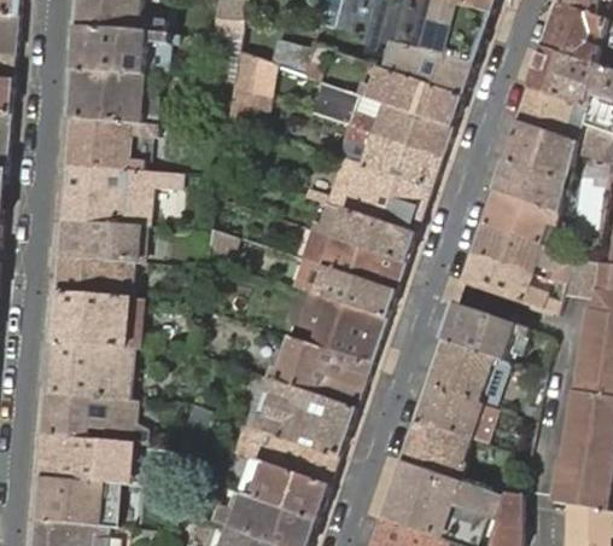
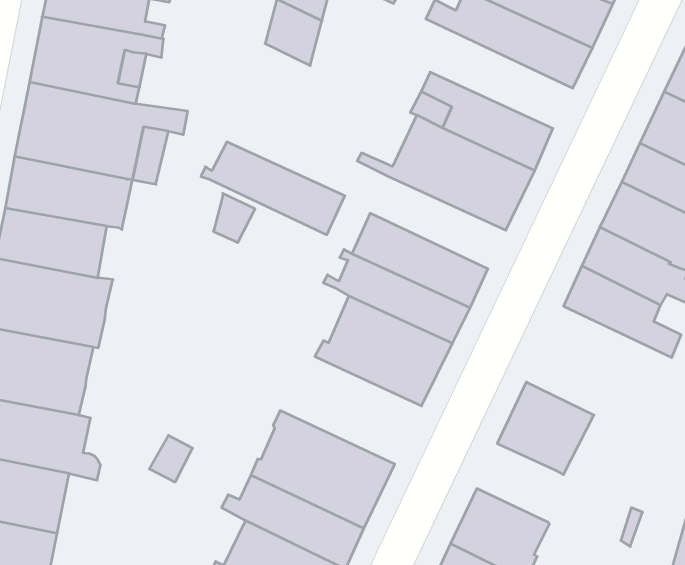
building: [314,83,450,157] -> none
building: [310,204,414,262] -> [201,142,345,235]
building: [440,304,529,361] -> none
building: [268,338,368,408] -> none
building: [414,385,494,443] -> none

